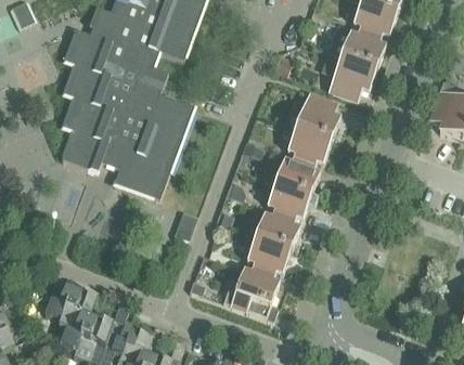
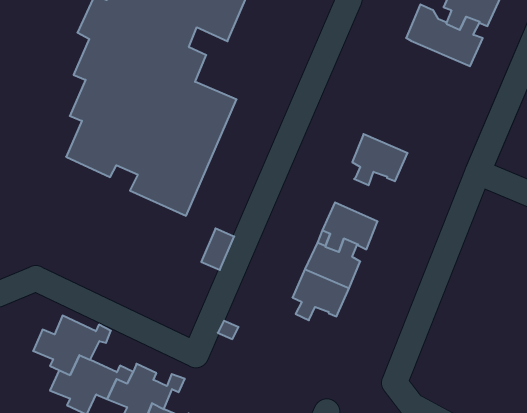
building: [323,51,376,100] -> none
building: [295,92,339,140] -> none
building: [275,156,319,195] -> none
building: [222,265,279,321] -> none

